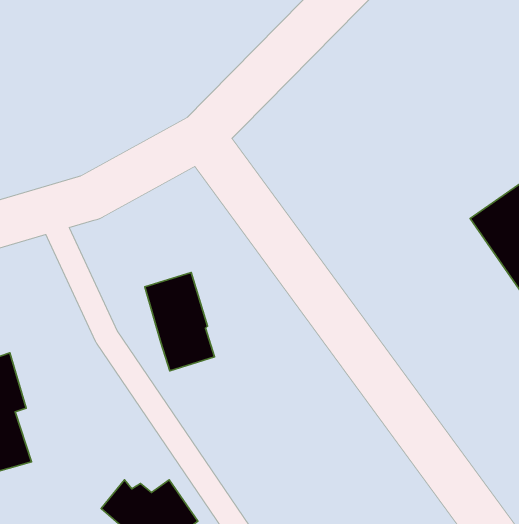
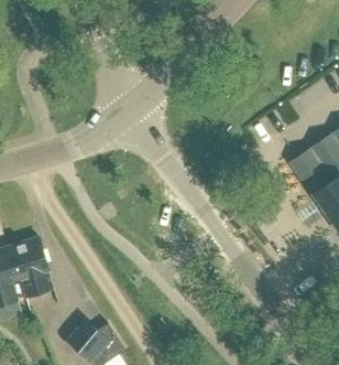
building: [145,273,215,371] -> [10,236,53,297]

